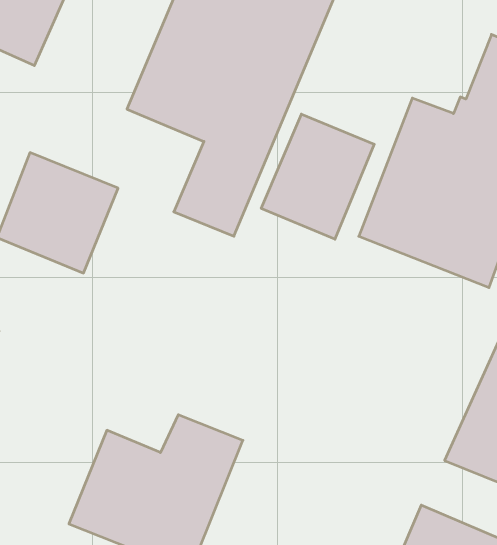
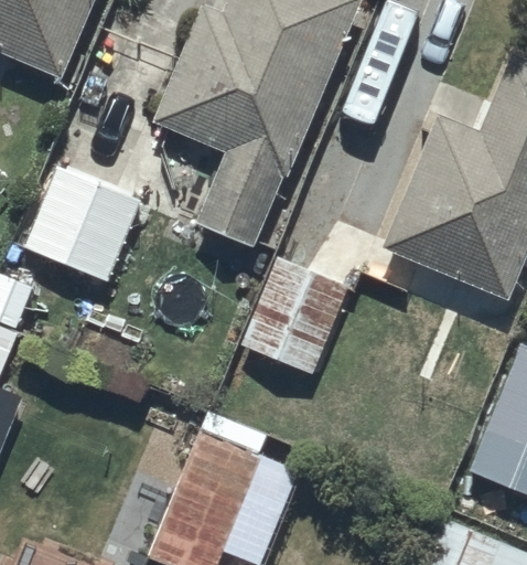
building: [261,114,374,239] -> none
building: none -> [243,258,348,373]

